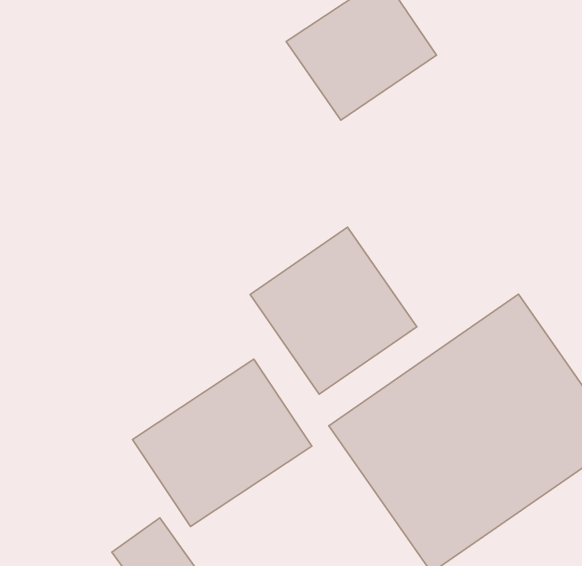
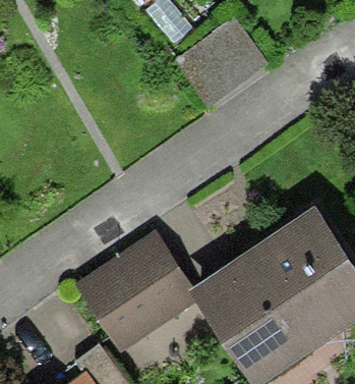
building: [250,227,417,394] -> none

